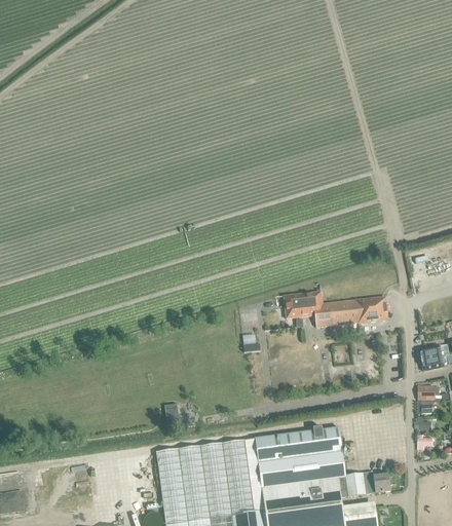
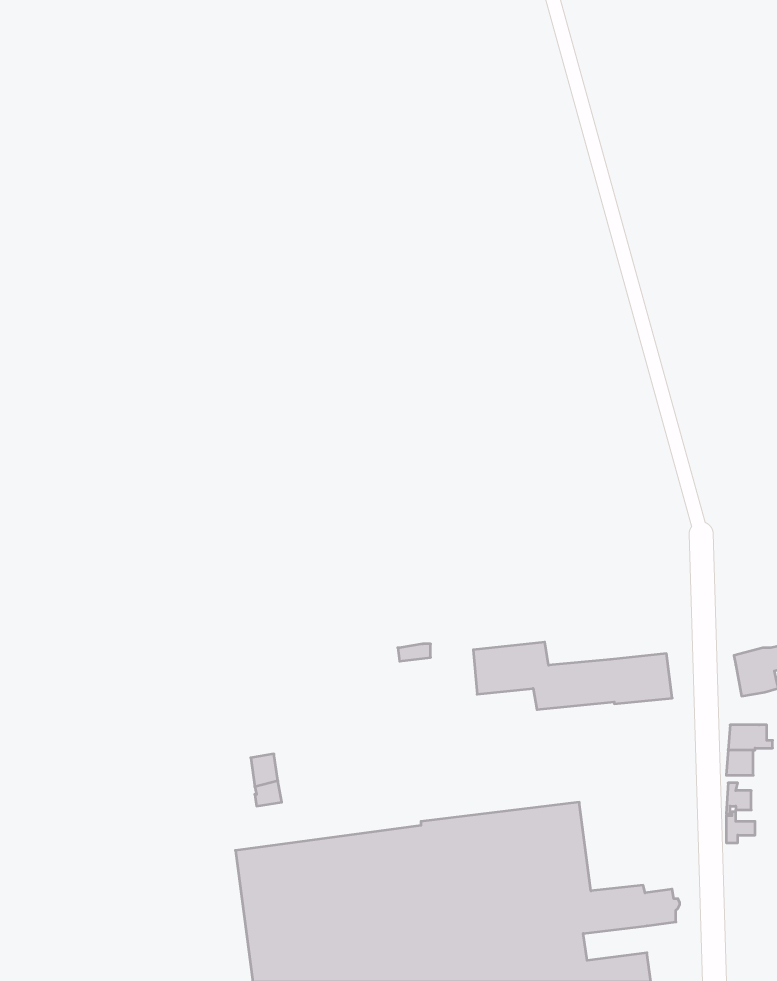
building: [281,291,387,327] -> [473,642,672,710]

